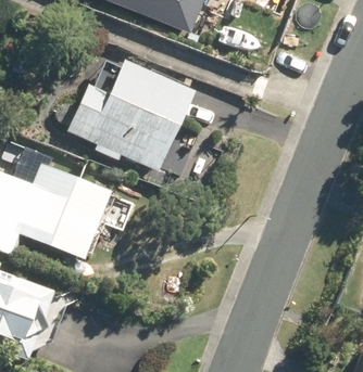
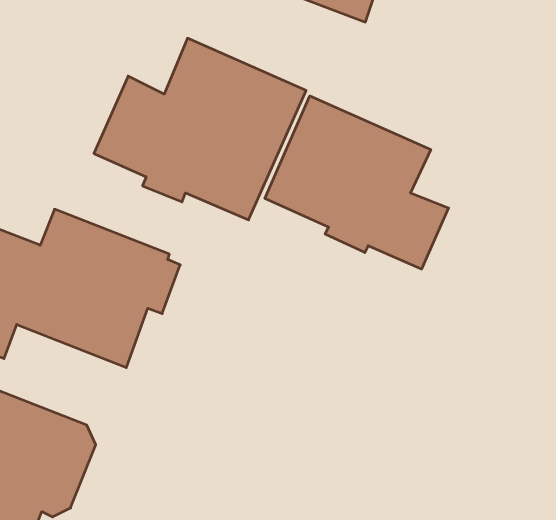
building: none -> [265,96,449,269]

